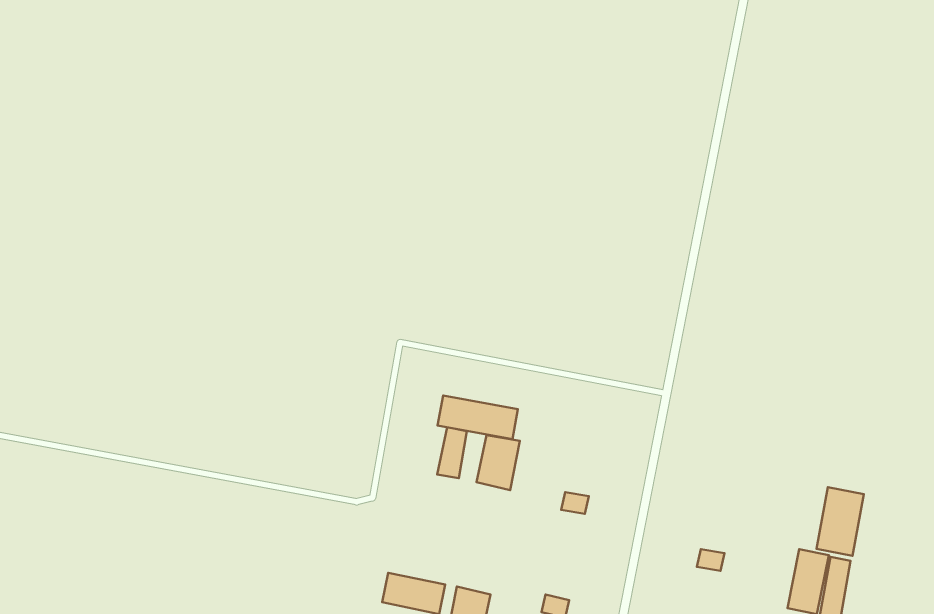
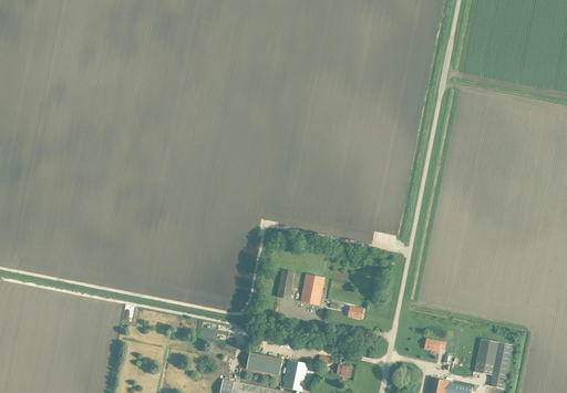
building: [438,396,518,439] -> none
building: [817,487,864,556] -> none

